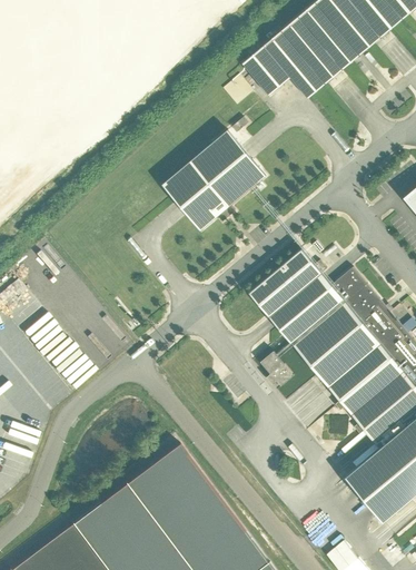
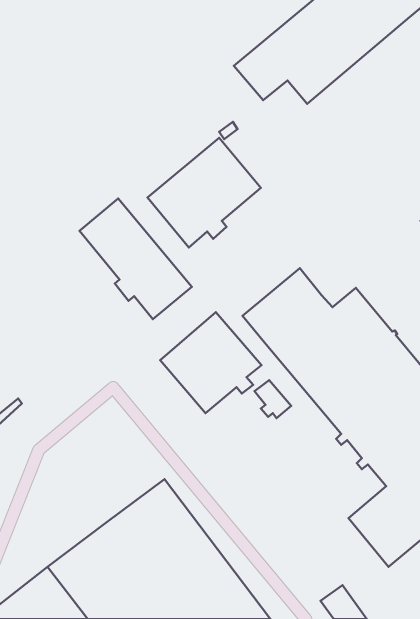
building: none -> [80,199,192,319]
building: none -> [160,312,261,413]

